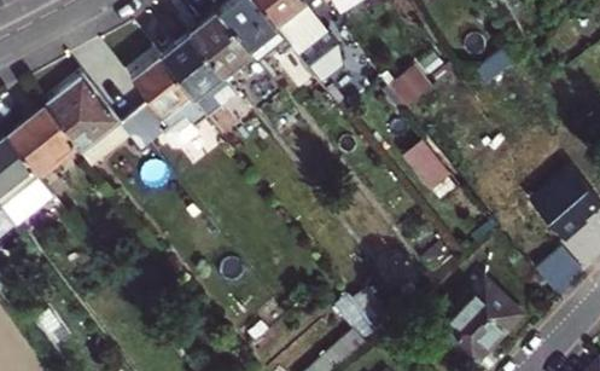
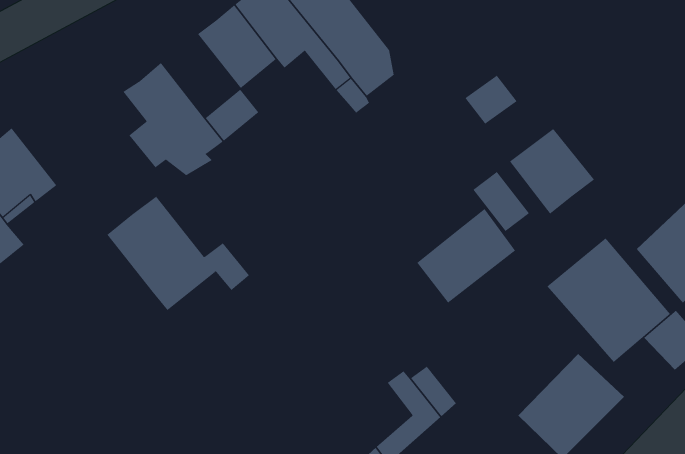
building: [159,30,221,95] -> none
building: [43,73,155,162] -> [107,196,250,311]
building: none -> [509,128,595,214]
building: none -> [416,208,516,304]
building: none -> [546,238,671,363]

